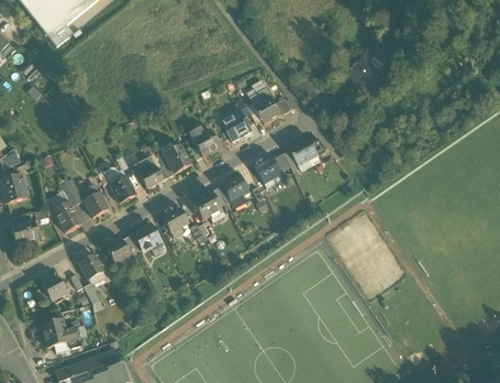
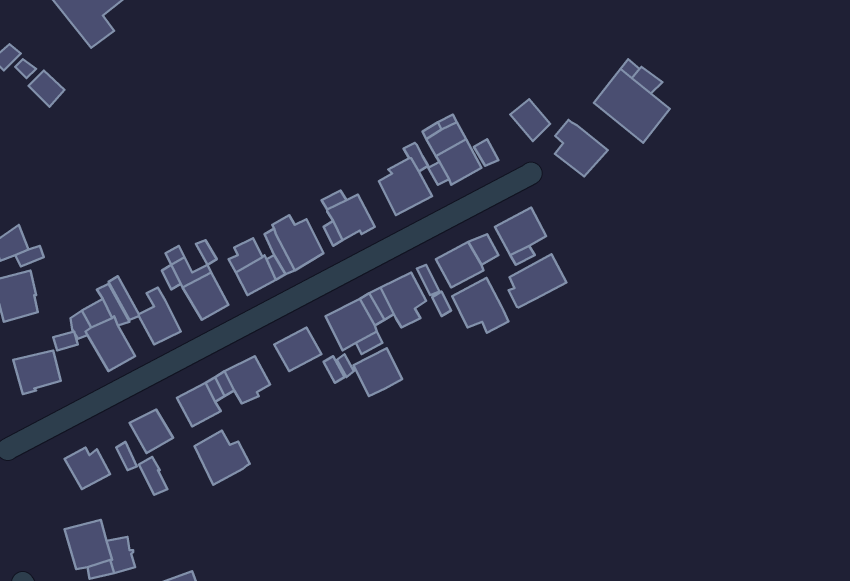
building: none -> [555,120,608,176]
building: none -> [508,254,567,307]
building: none -> [452,278,508,333]
building: none -> [354,348,402,396]
building: none -> [194,431,250,485]

